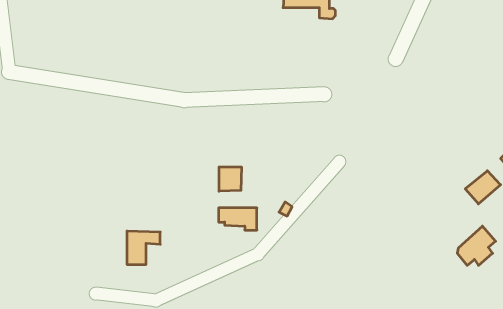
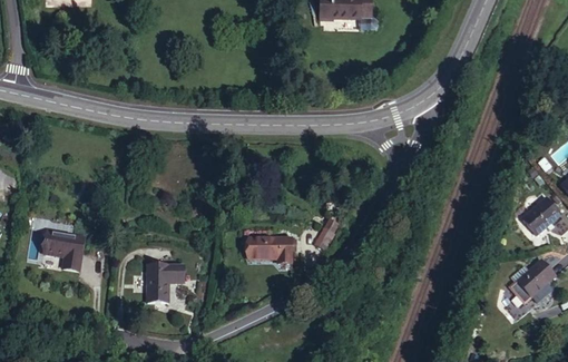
building: [219,167,241,191] -> none
building: none -> [43,231,85,268]

